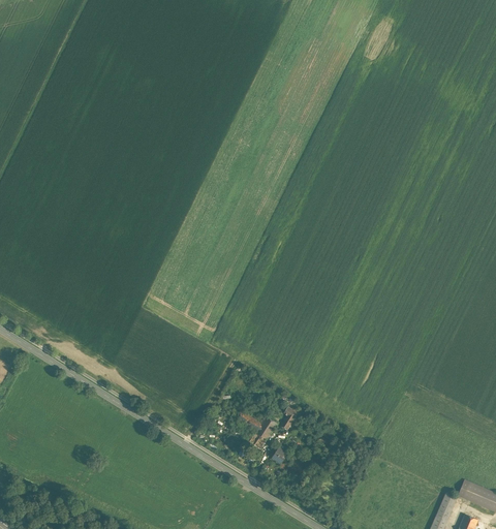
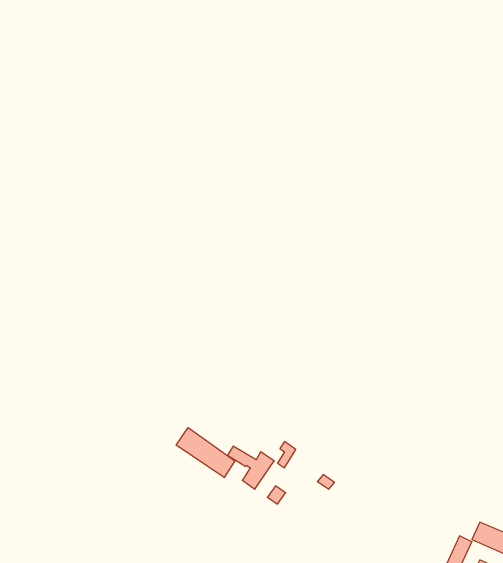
building: none -> [176,428,235,478]

